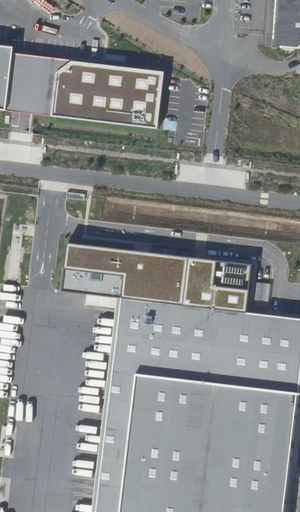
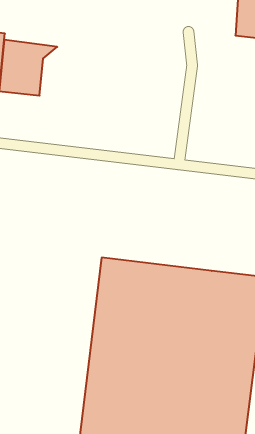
building: [50,59,162,125] -> none
building: [61,242,250,312] -> none

